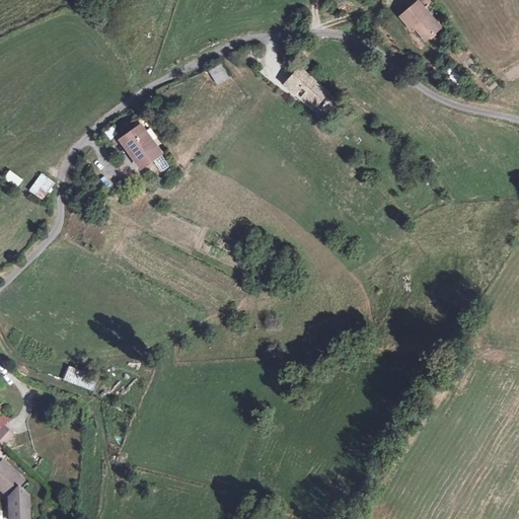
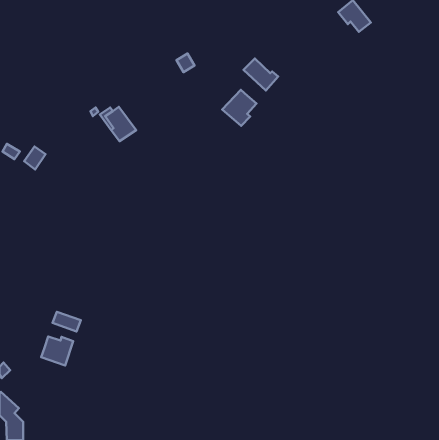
building: none -> [222,90,256,126]
building: none -> [41,337,73,366]

